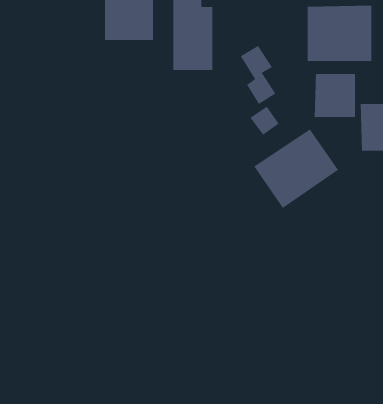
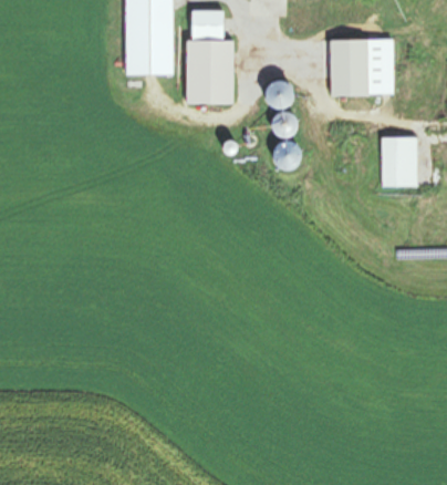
building: [314,73,355,118] -> none
building: [253,128,339,209] -> none

